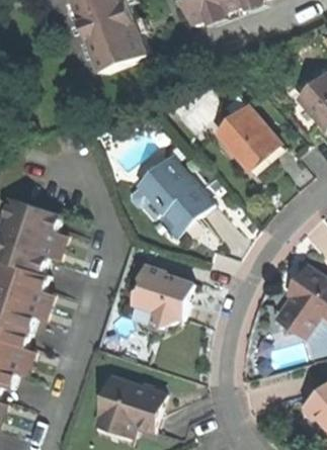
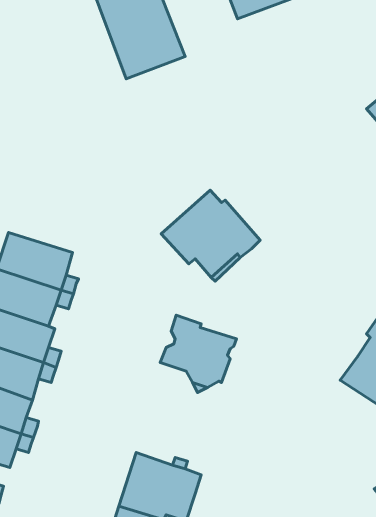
building: [215,104,275,165] -> none

